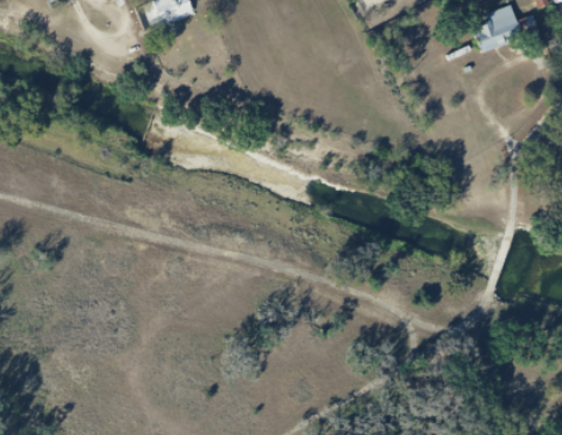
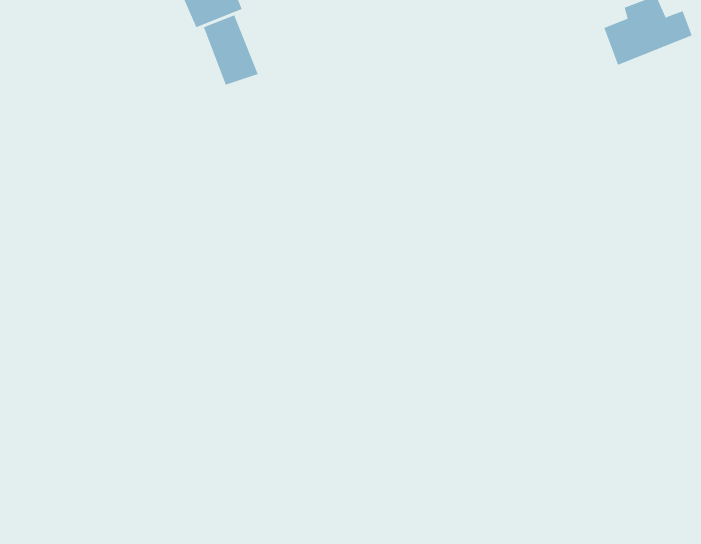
building: none -> [203,14,258,85]

